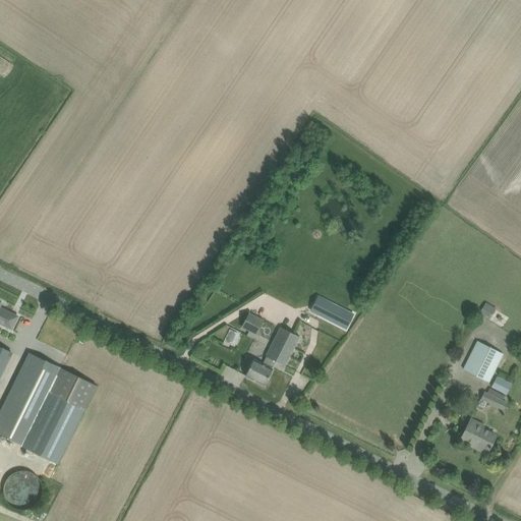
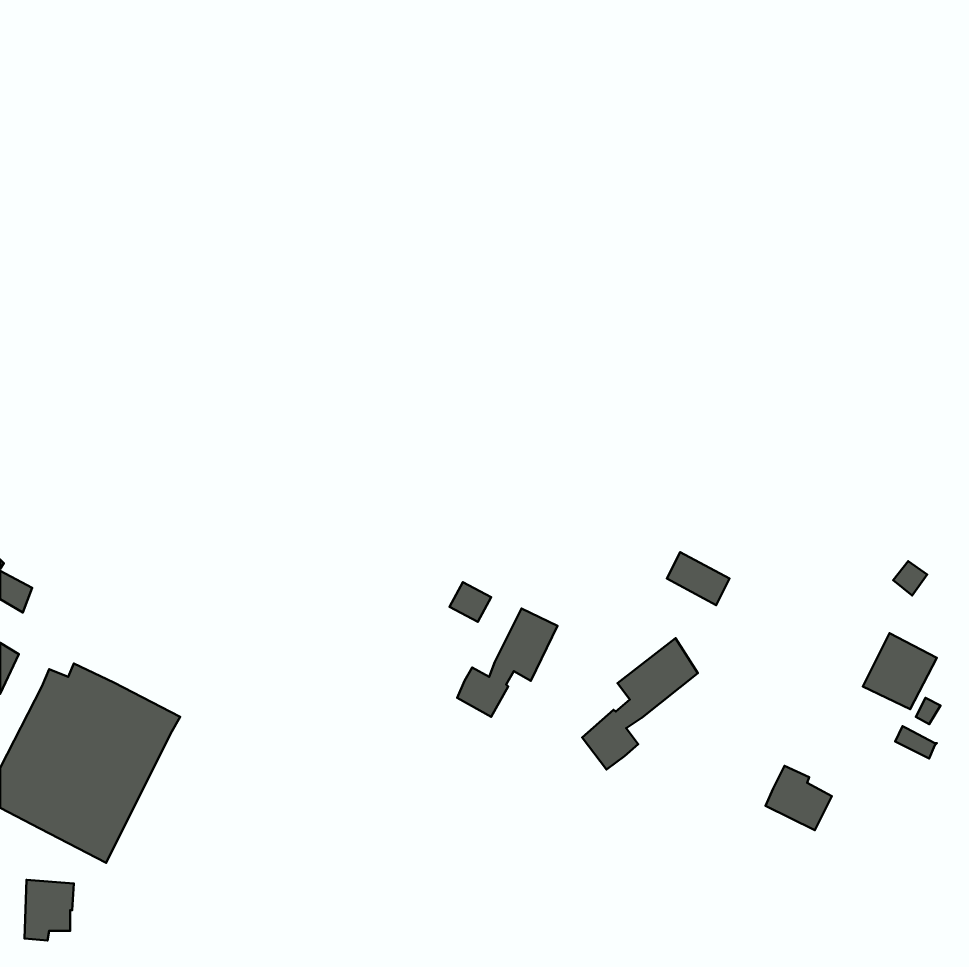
building: [319,299,352,328] -> [667,552,730,605]
building: none -> [582,638,698,770]
building: [460,418,496,453] -> [766,766,832,830]

